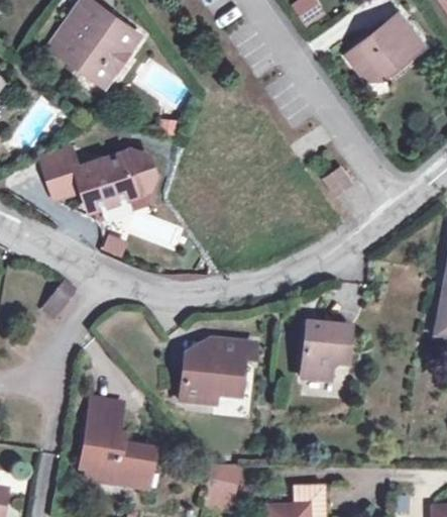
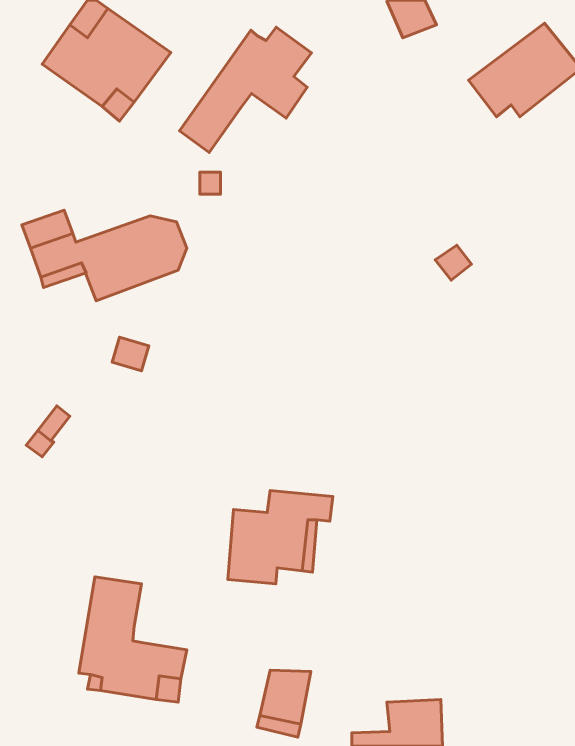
building: none -> [180,27,311,153]
building: [301,321,349,379] -> none

